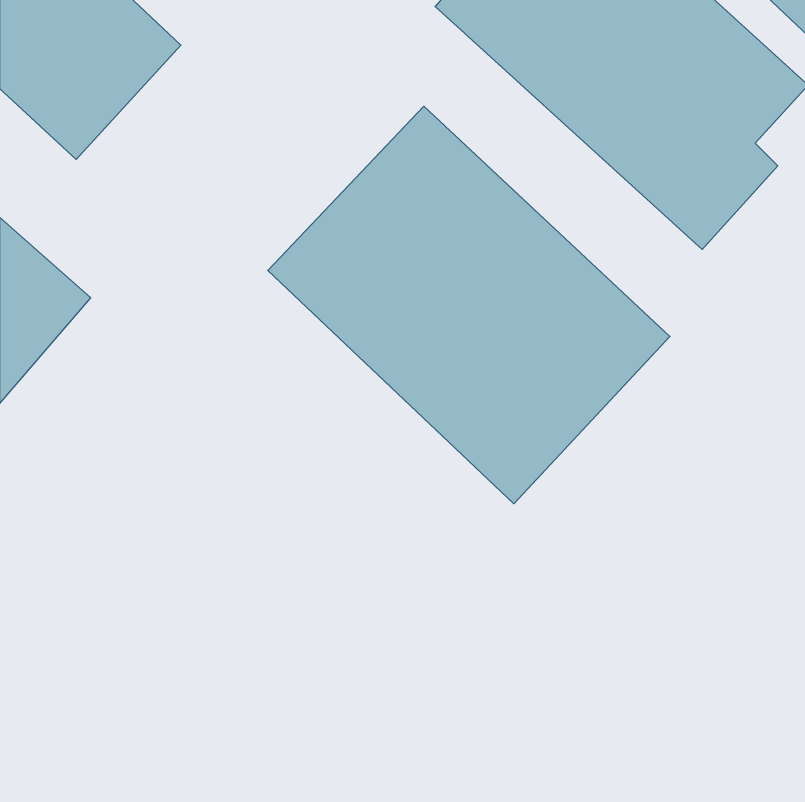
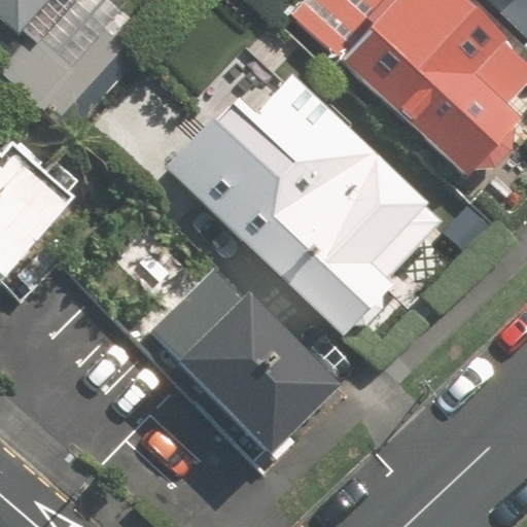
building: none -> [159,269,338,456]

